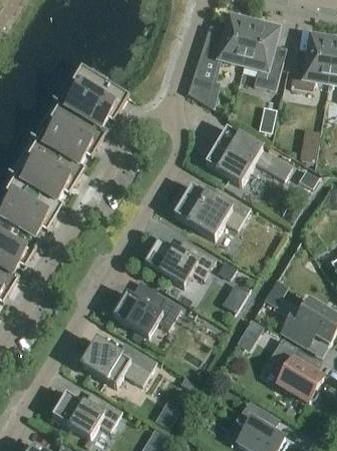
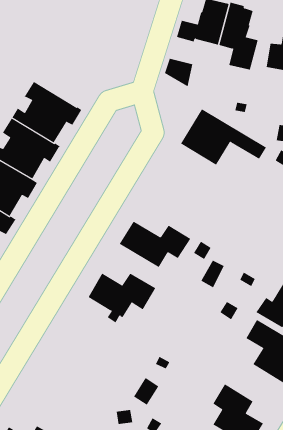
building: [58,63,128,126] -> none
building: [174,184,250,239] -> none
building: [81,341,156,386] -> none
building: [51,392,121,438] -> none

